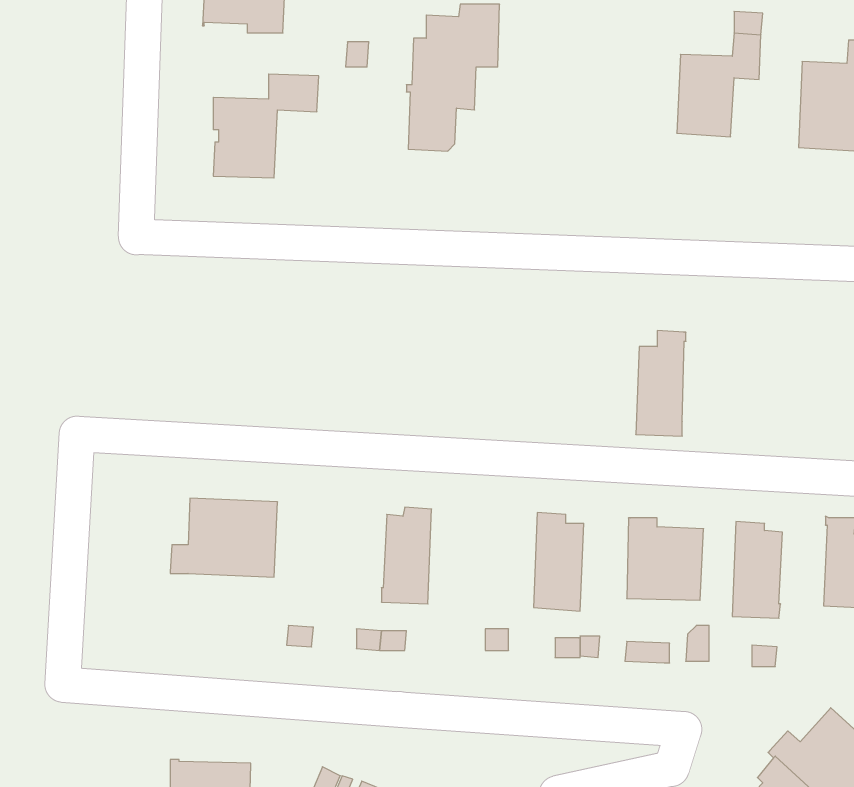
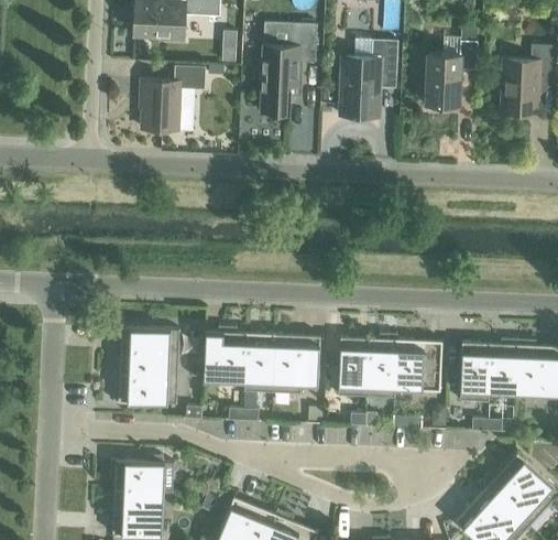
building: none -> [340,41,398,119]
building: [636,331,686,436] -> [366,334,397,399]
building: none -> [204,327,248,384]
building: none -> [273,335,320,395]
building: none -> [489,345,518,395]
building: none -> [113,375,178,406]
building: none -> [110,456,175,493]

